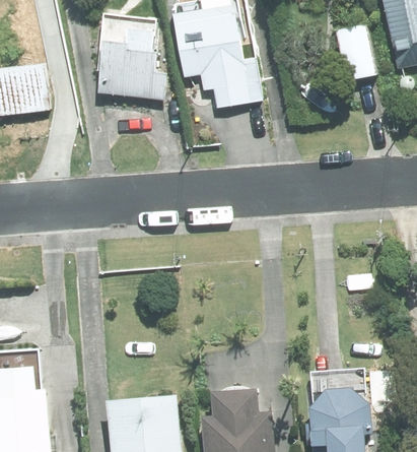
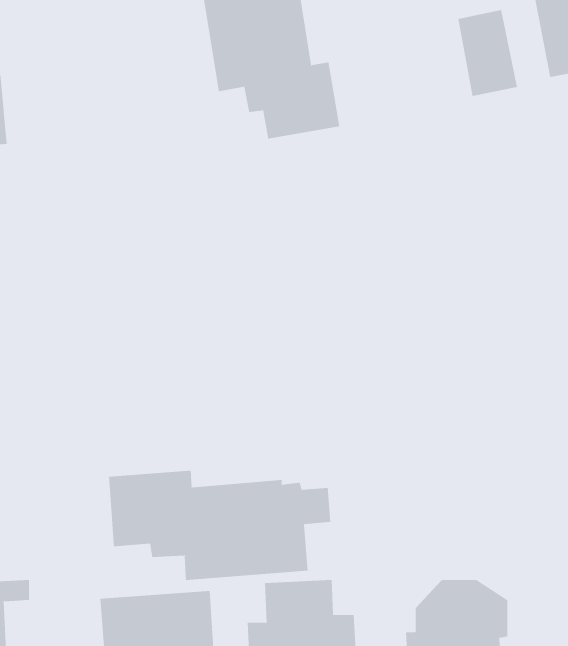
building: [97,28,166,100] -> none
building: none -> [108,470,331,581]

